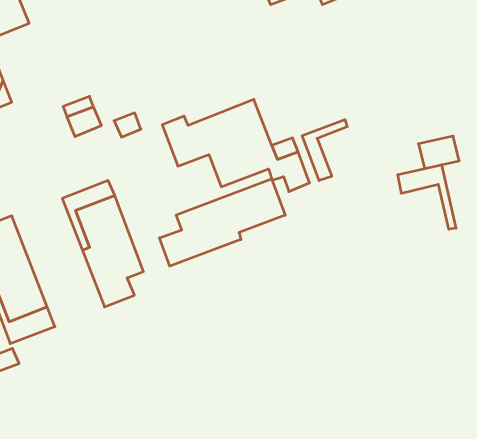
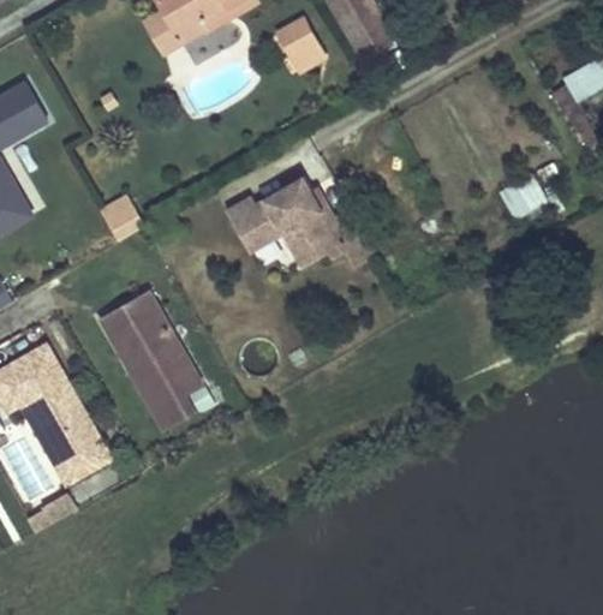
building: [302,120,347,181] -> none
building: [398,165,456,229] -> none
building: [160,179,285,266] -> none

